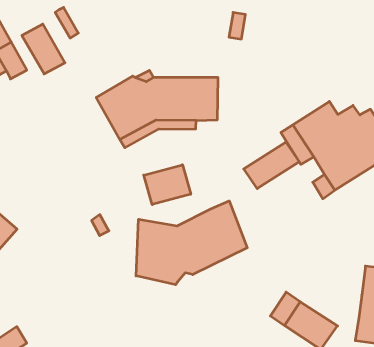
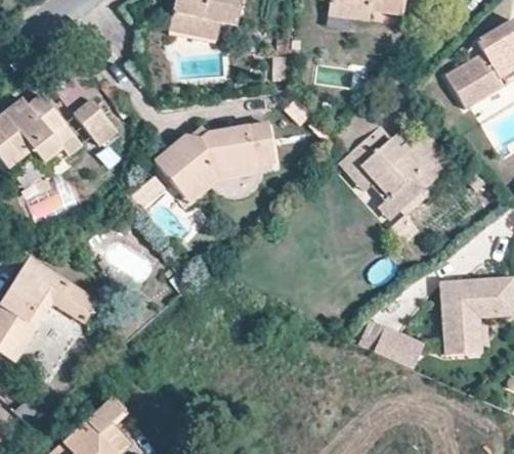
building: [244,142,299,189] -> none
building: [144,165,191,205] -> none
building: [136,201,247,285] -> none

